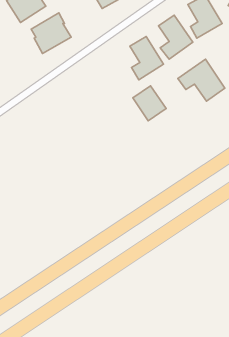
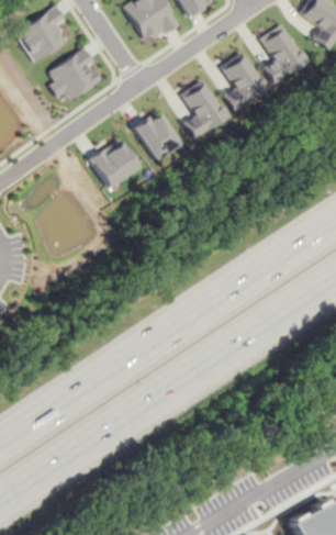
building: [178,59,225,101] -> none
building: none -> [90,140,139,188]
building: [133,86,166,121] -> [135,113,180,160]

